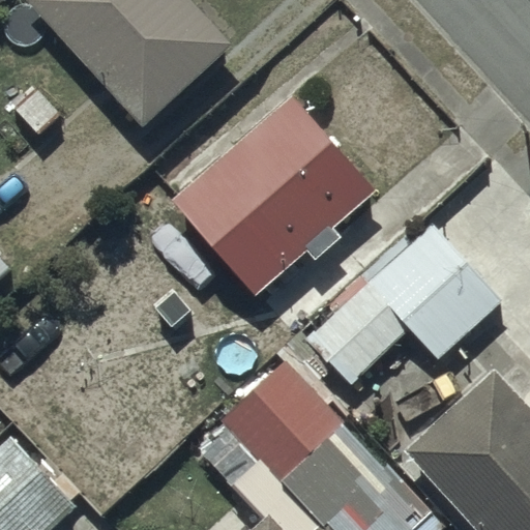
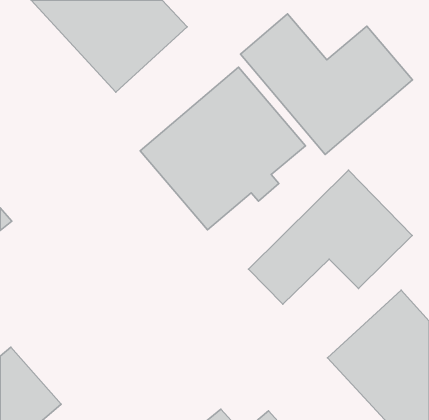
building: none -> [240,14,413,155]
building: [184,360,346,490] -> none

